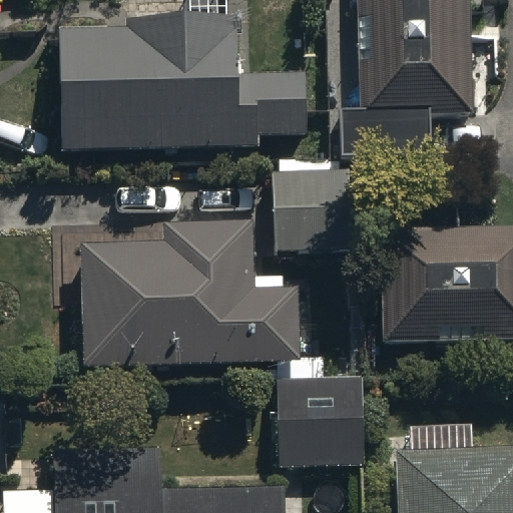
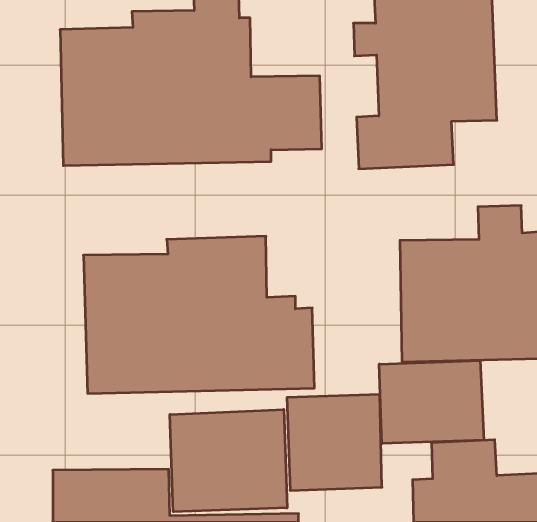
building: [273,170,352,251] -> none
building: none -> [379,361,484,444]
building: none -> [170,409,287,512]

